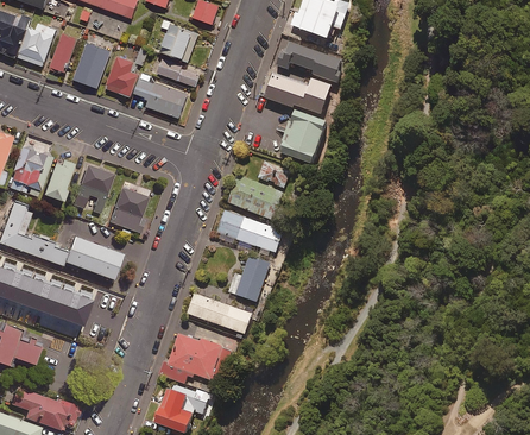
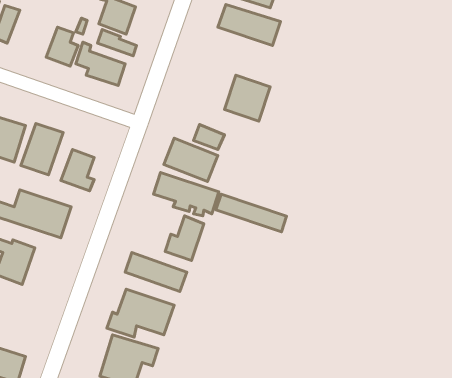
building: [70,46,107,92] -> none
building: [265,69,340,113] -> none
building: none -> [216,194,287,232]

